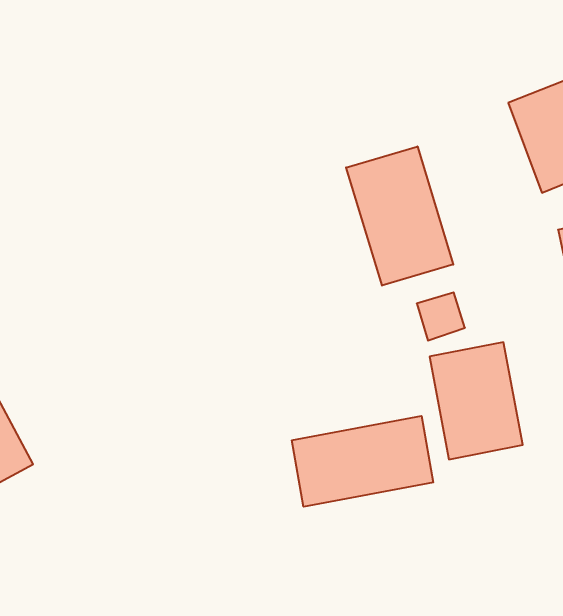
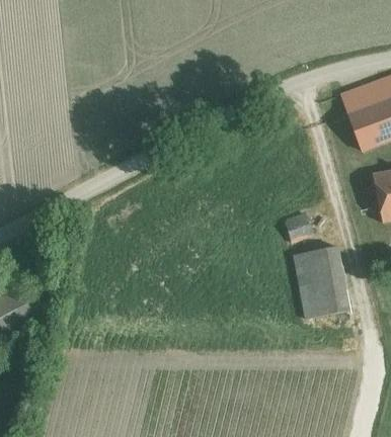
building: [346,146,453,286] -> none
building: [292,416,433,507] -> none

